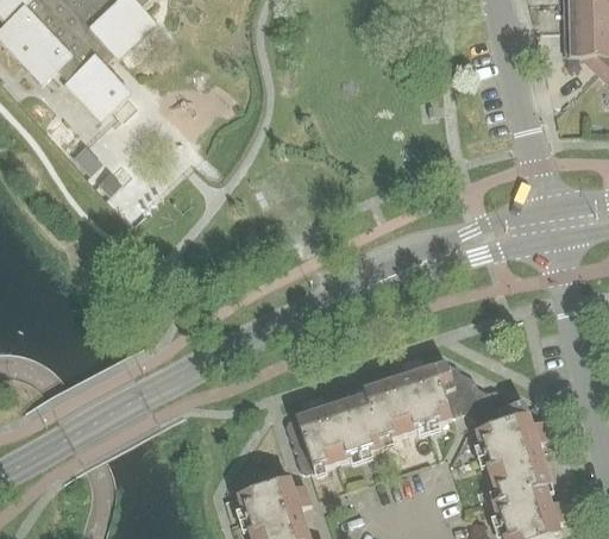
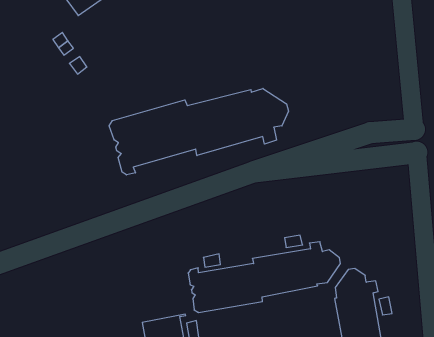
building: none -> [109,88,288,175]

